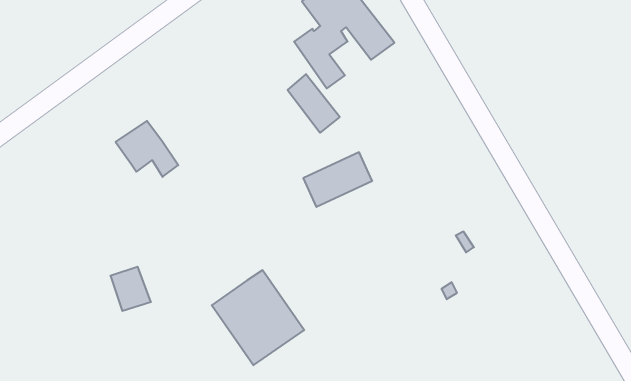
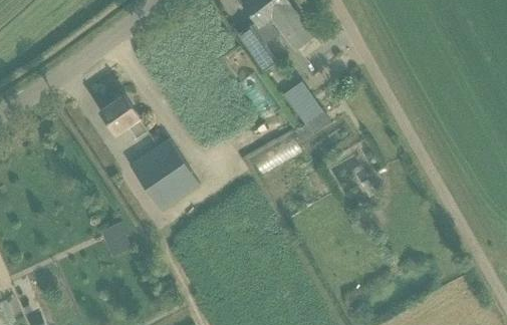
building: none -> [284,83,331,143]
building: [212,270,304,365] -> [131,139,202,213]

